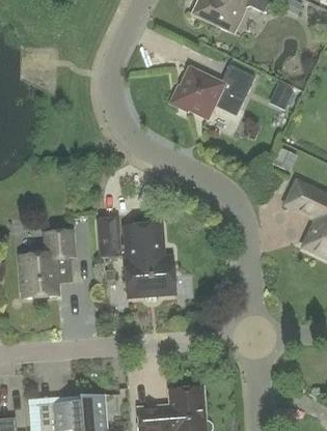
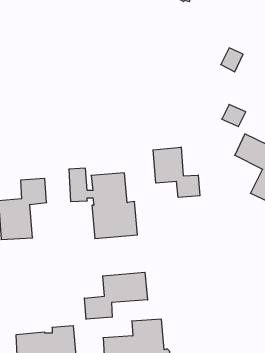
building: [170,63,255,118] -> none
building: none -> [153,147,200,197]
building: none -> [84,272,148,319]

